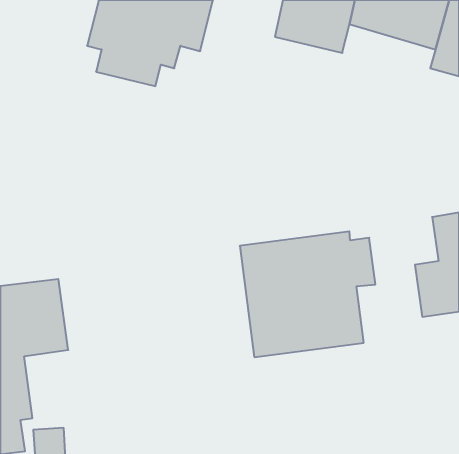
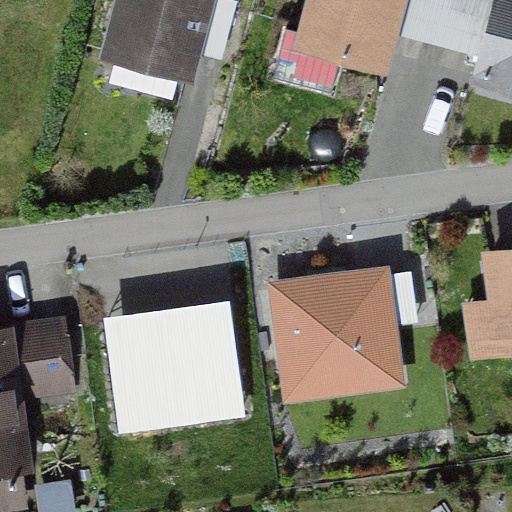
building: none -> [102,297,244,434]

